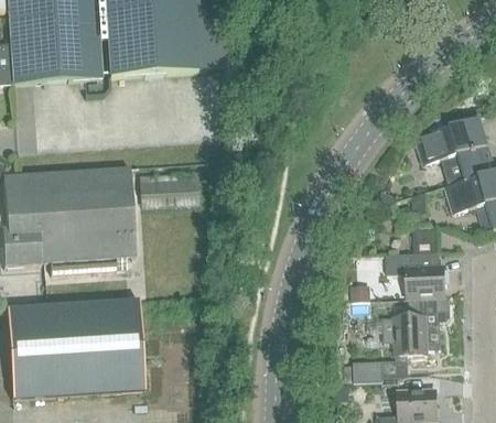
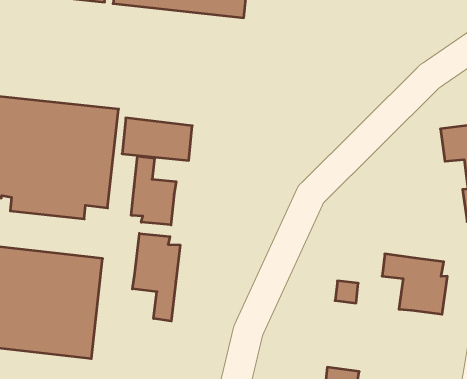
building: none -> [131,156,176,225]
building: none -> [132,233,180,321]
building: [382,297,450,355] -> none

